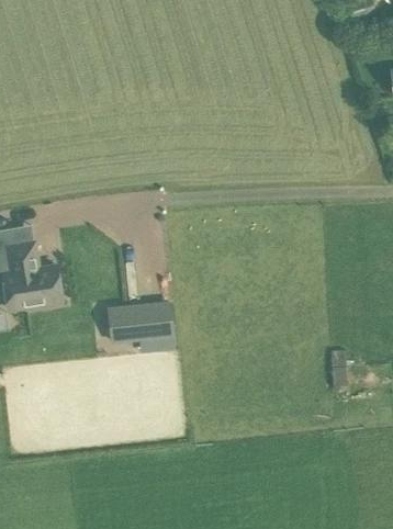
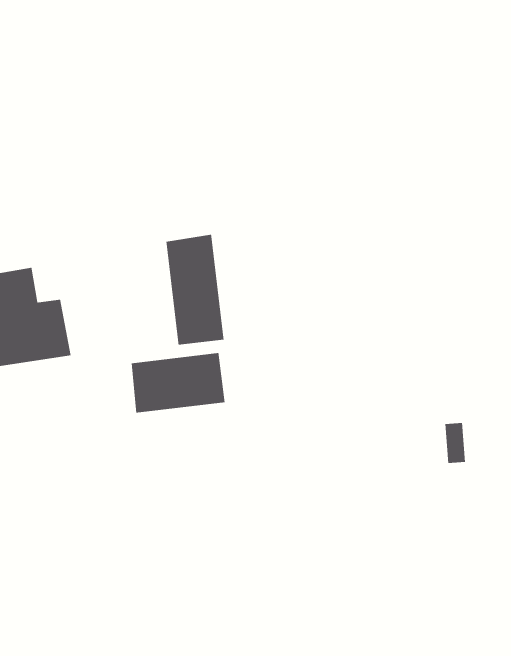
building: none -> [166,234,224,346]

